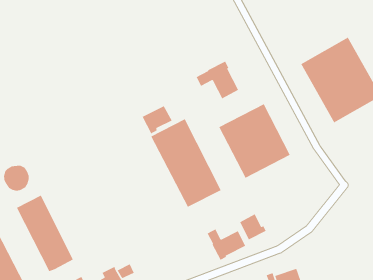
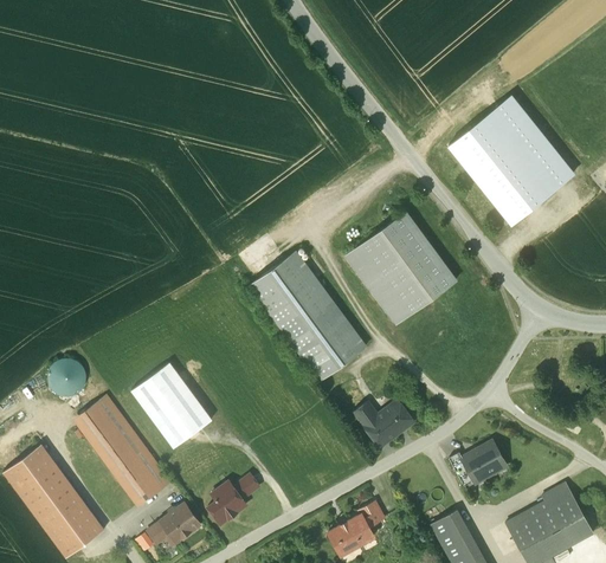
building: [195,61,239,99] -> none
building: [142,105,173,134] -> none
building: none -> [131,363,213,448]
building: [239,213,267,240] -> none

